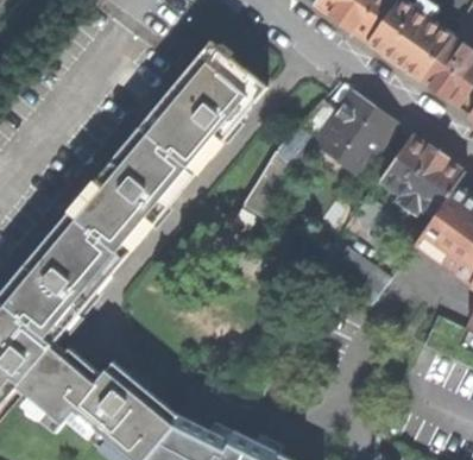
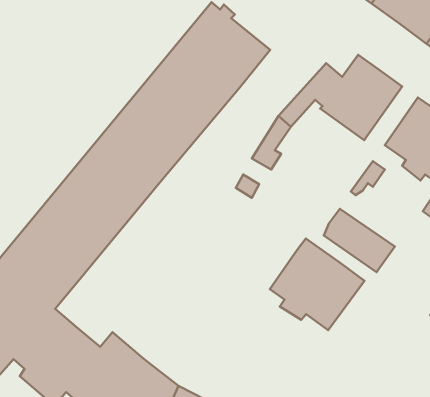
building: none -> [270,239,365,330]

